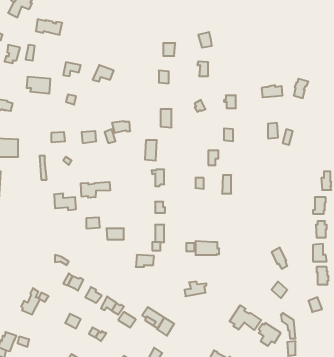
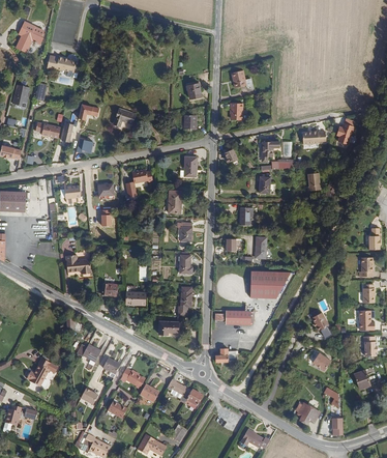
building: [81,182,110,198] -> none
building: none -> [249,268,290,295]
building: [230,305,261,330] -> none

